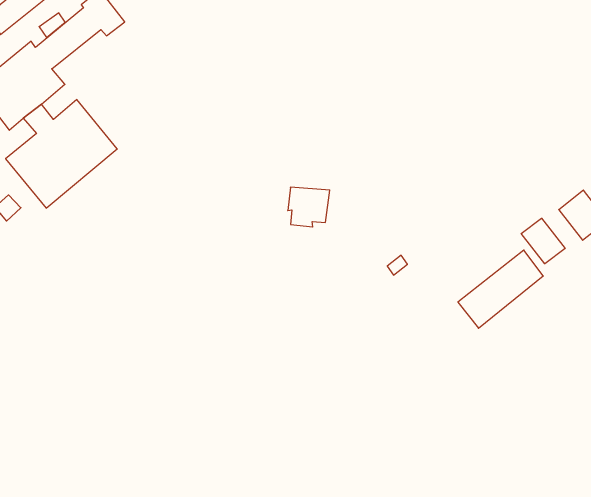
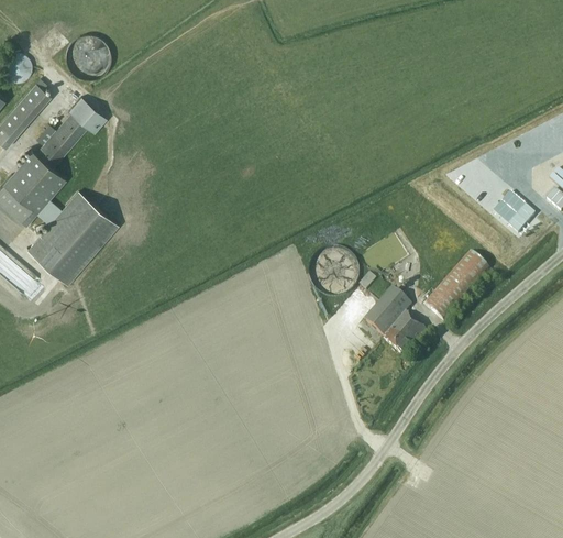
building: [288,187,330,227] -> [322,248,356,282]
building: [521,218,565,264] -> none
building: none -> [364,287,427,354]

